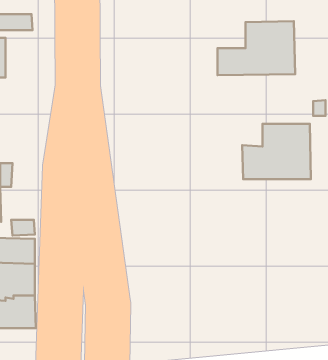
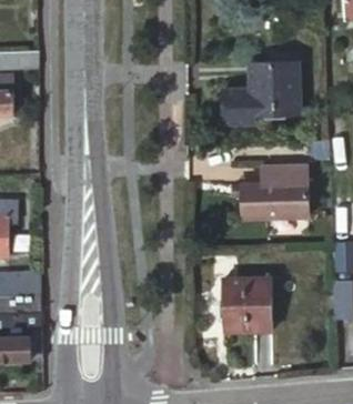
building: none -> [218,279,272,331]

